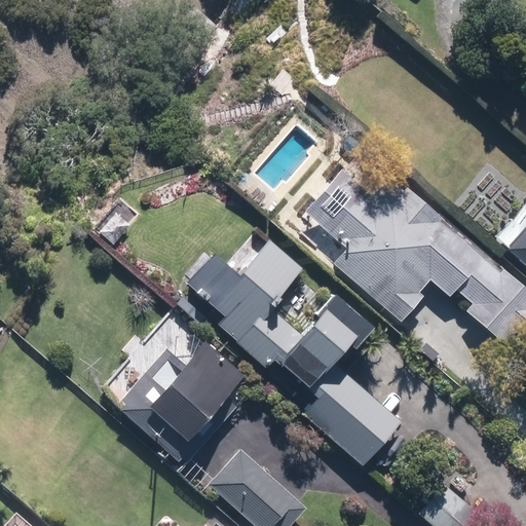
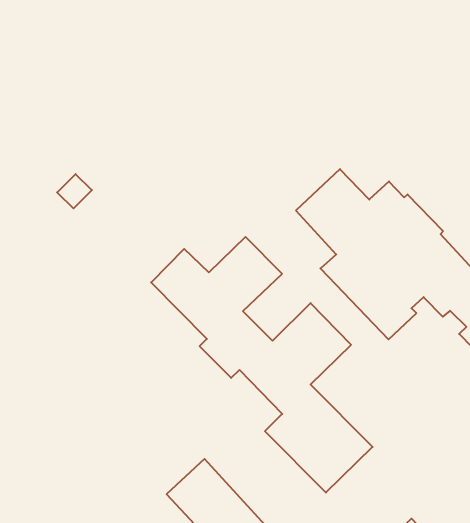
building: [118,340,246,466] -> none

